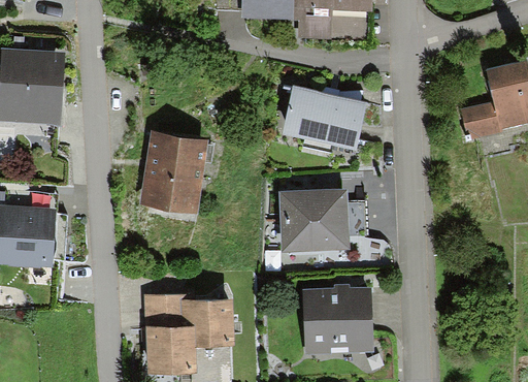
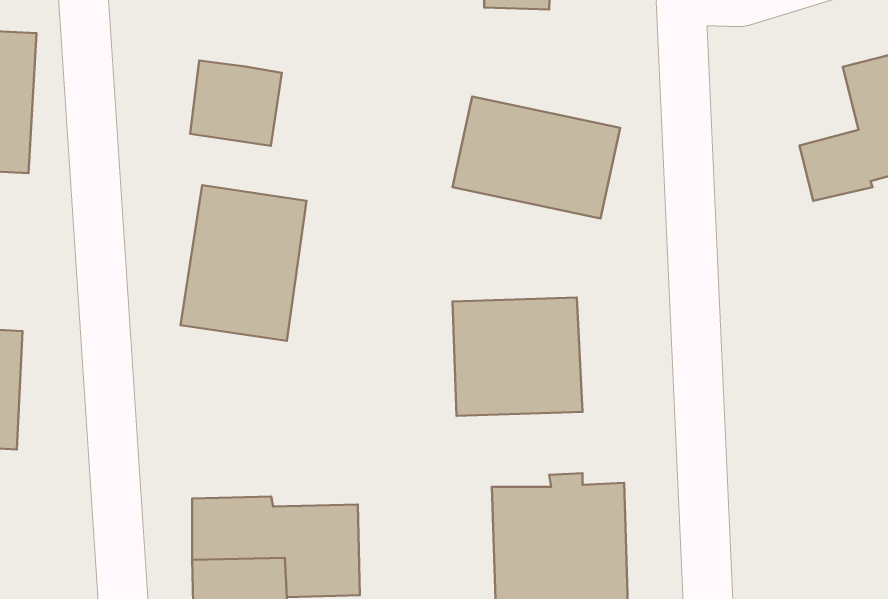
building: none -> [190,61,282,146]

